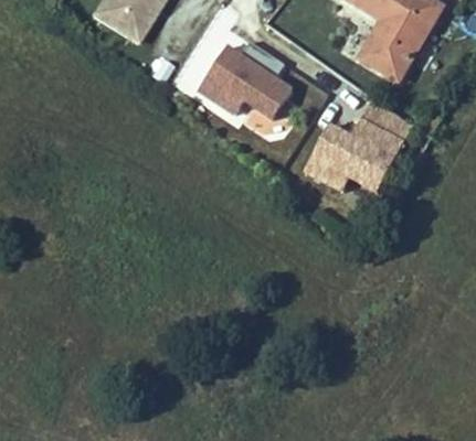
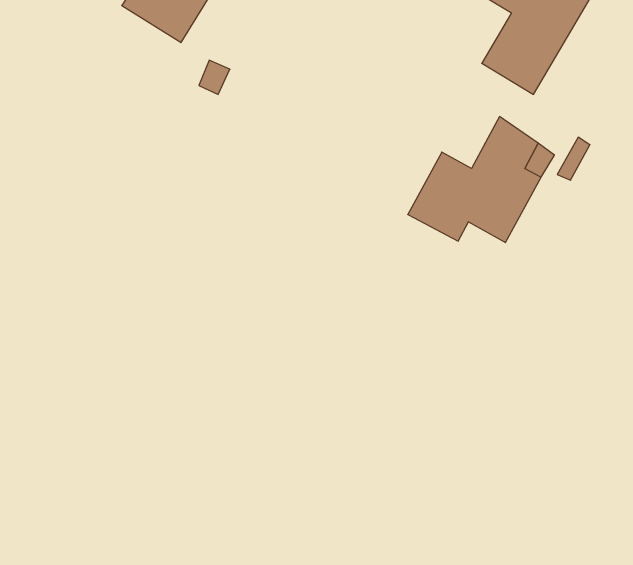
building: [198,41,292,118] -> none

